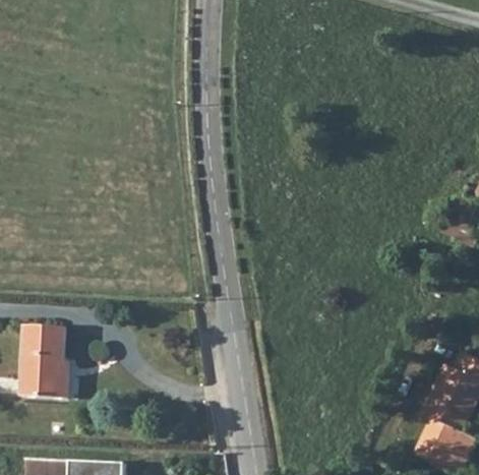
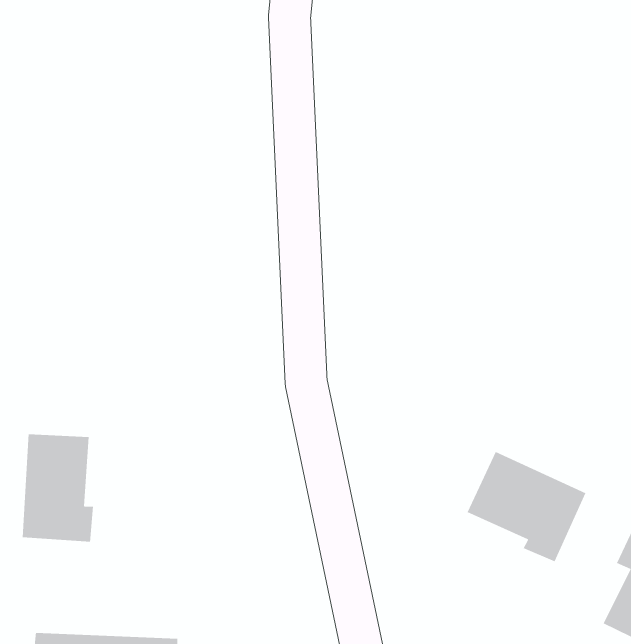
building: none -> [467,451,586,562]

